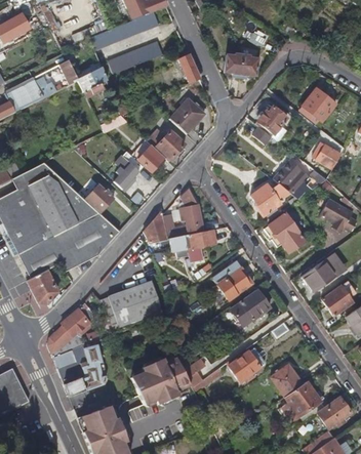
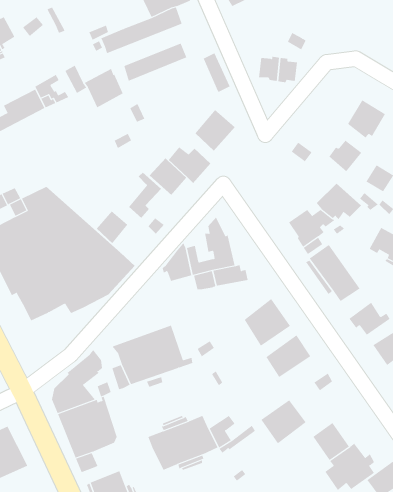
building: [258,106,287,133] -> [328,140,362,172]
building: [27,271,62,306] -> none

